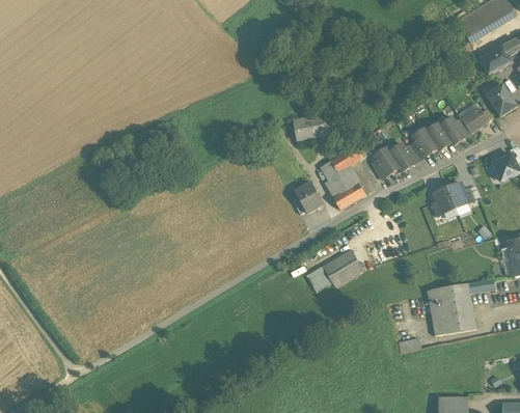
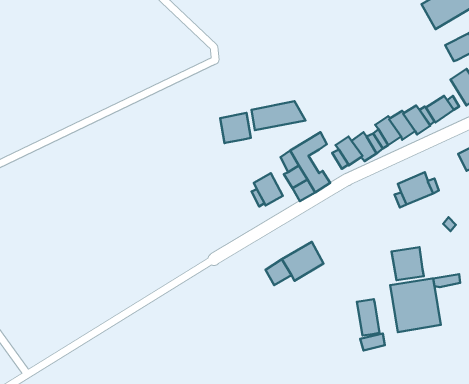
building: none -> [220,113,251,143]
building: none -> [392,247,424,280]
building: none -> [357,299,380,335]

